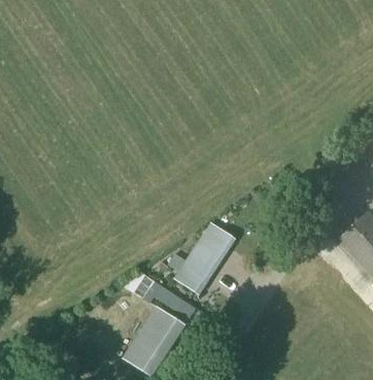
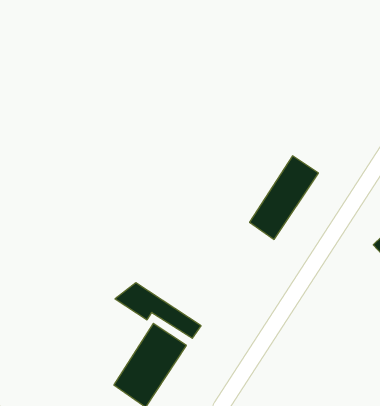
building: [175,223,233,293] -> [250,156,318,239]

